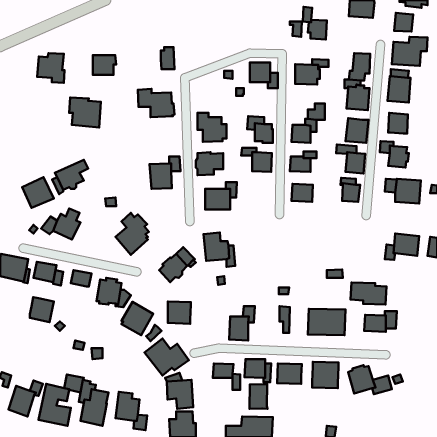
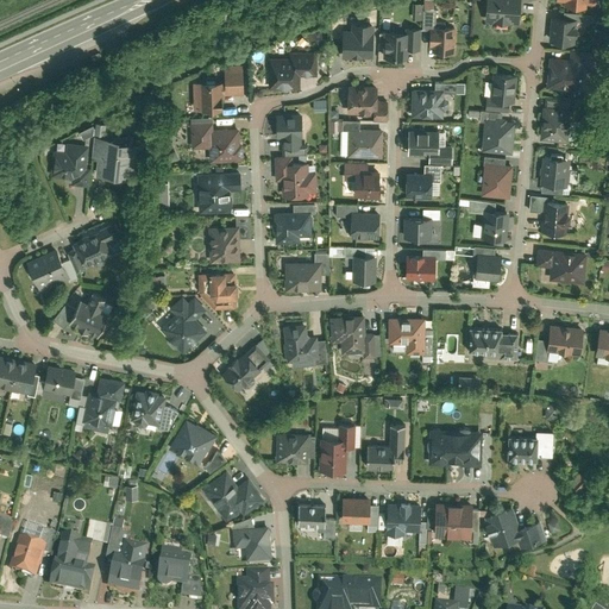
building: none -> [341,26,372,61]
building: none -> [382,33,408,61]
building: none -> [268,52,314,88]
building: [37,53,65,83] -> [56,142,94,183]
building: [93,55,116,75] -> [193,83,225,111]
building: none -> [276,115,301,149]
building: none -> [408,130,438,156]
building: none -> [347,131,382,158]
building: none -> [197,171,240,213]
building: none -> [351,257,375,283]
building: none -> [197,274,238,310]
building: none -> [329,316,375,358]
building: none -> [388,319,423,354]
building: [350,282,386,305] -> [467,328,517,359]
building: [30,297,54,322] -> [87,393,120,427]
building: [168,301,191,324] -> [276,433,308,464]
building: none -> [366,446,394,470]
building: [249,384,267,409] -> none

